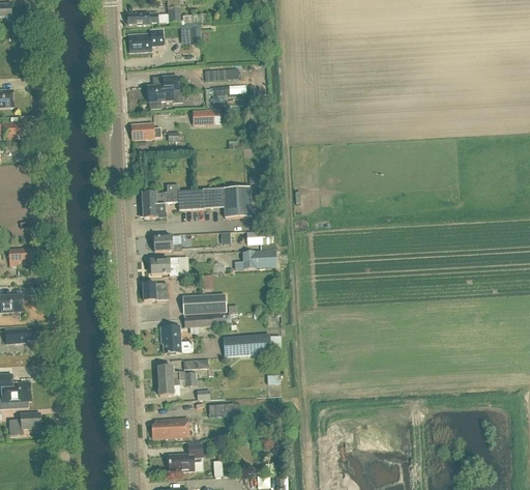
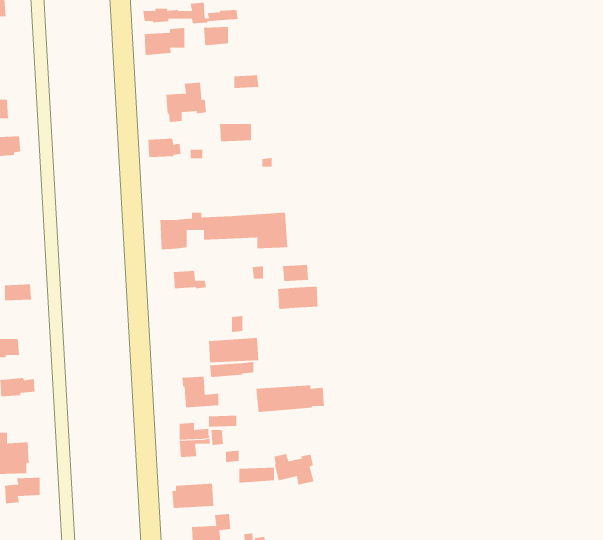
building: [148,257,178,275] -> none
building: [142,282,167,299] -> none
building: none -> [274,453,314,486]

